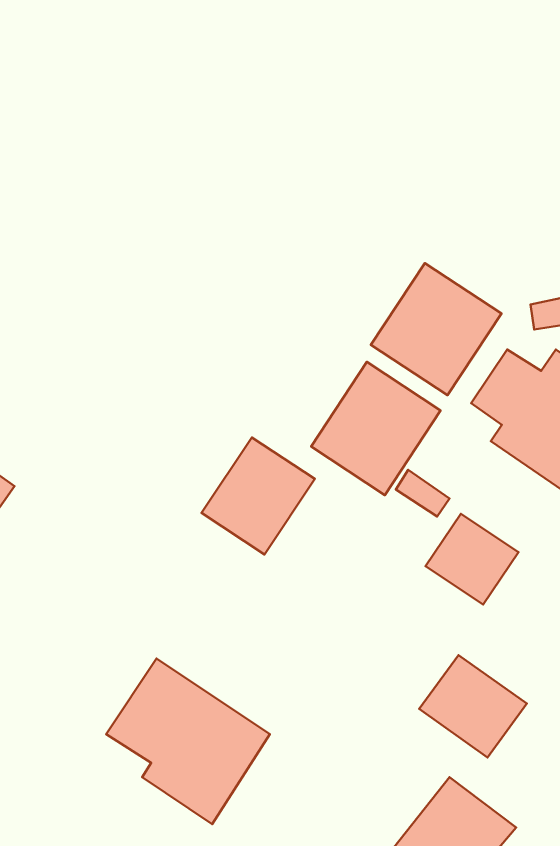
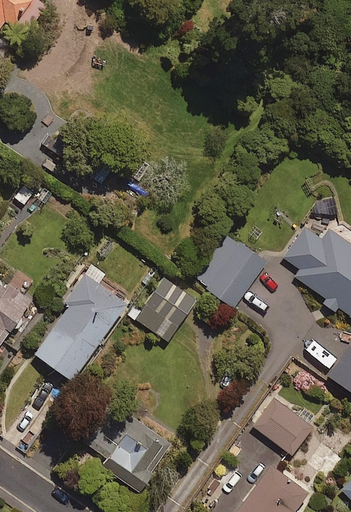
building: [371,263,502,395] -> none
building: none -> [35,272,128,380]
building: [426,514,518,604] -> none

